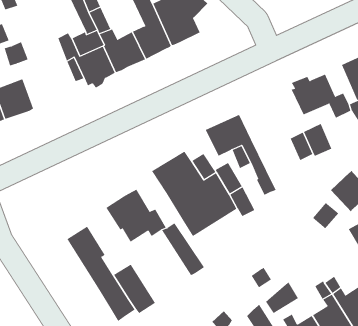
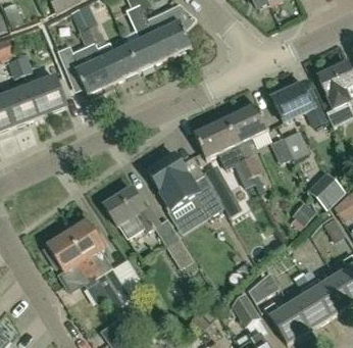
building: none -> [28,77,66,114]
building: none -> [225,101,268,185]
building: none -> [44,234,107,303]

